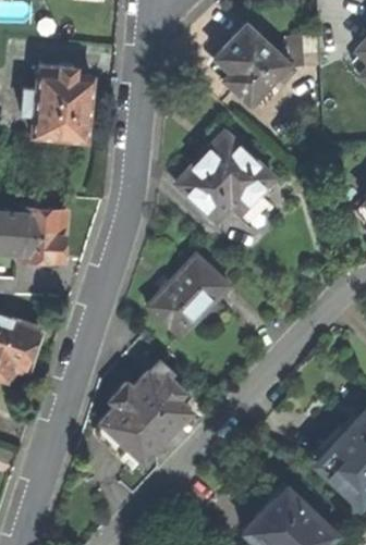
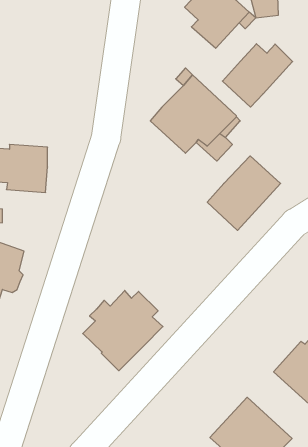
building: [21,64,91,139] -> none
building: none -> [222,44,293,107]
building: [148,252,230,335] -> [207,156,281,230]

